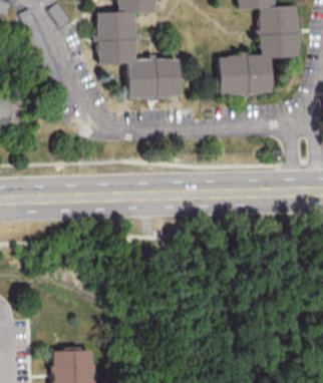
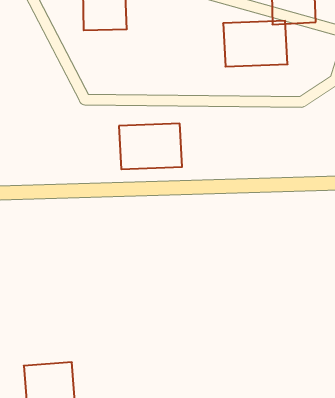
building: [126,58,181,97] -> [119,124,182,169]

